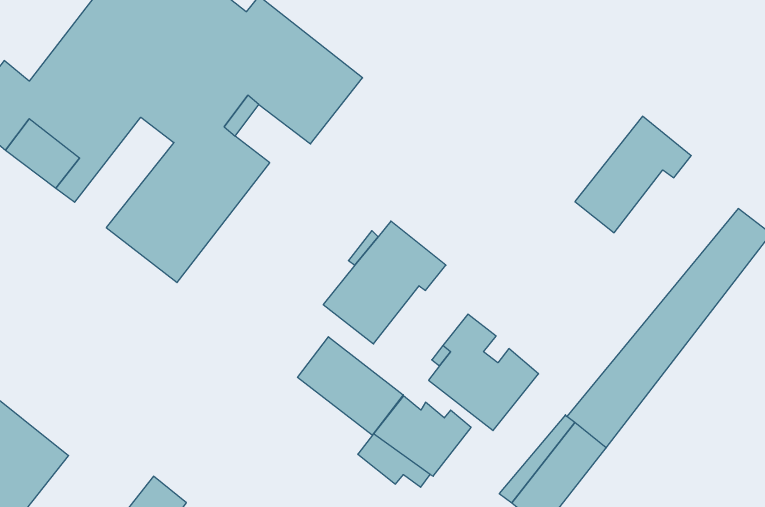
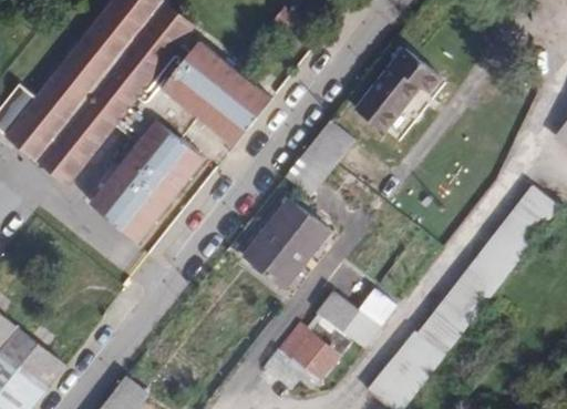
building: none -> [285,120,354,196]
building: [575,116,691,233] -> [357,48,439,130]
building: [298,337,403,435] -> none

